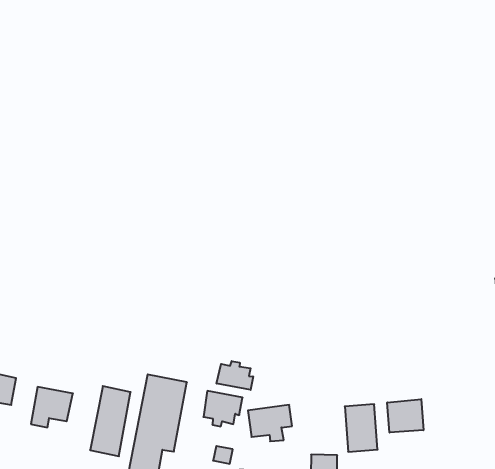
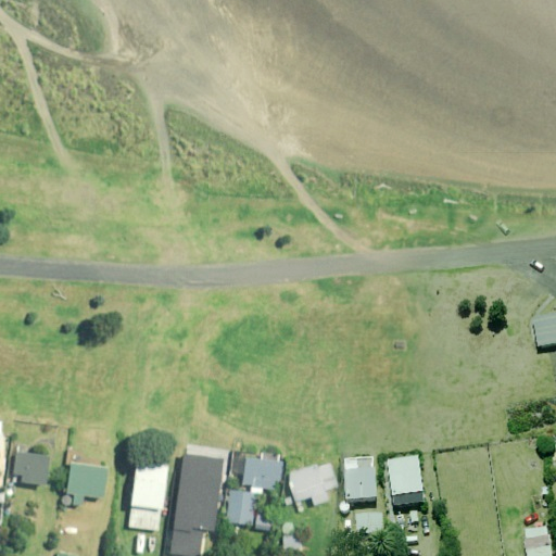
building: [217,361,253,390] -> none
building: [387,399,423,433] -> none
building: none -> [344,457,377,503]
building: none -> [227,490,256,525]

